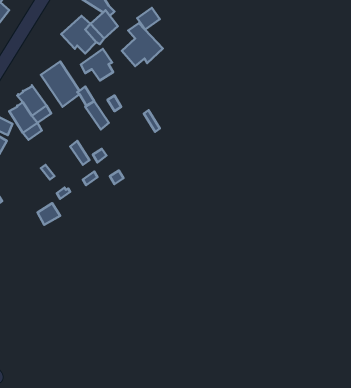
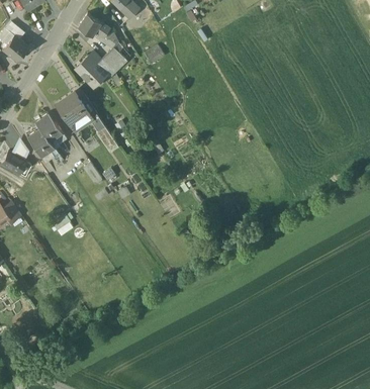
building: [122,23,163,66] -> none
building: [81,49,113,81] -> none

